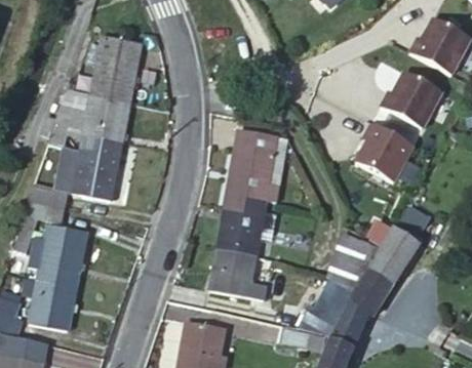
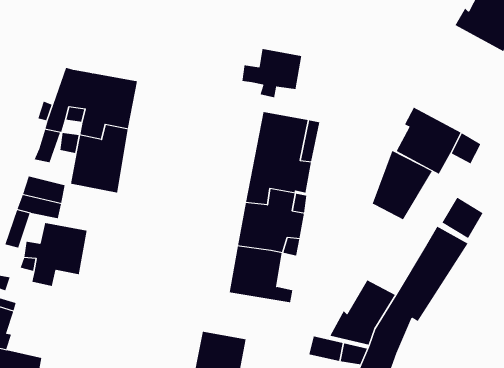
building: [89,37,140,101] -> none
building: none -> [242,48,302,98]
building: [381,73,442,129] -> none
building: [328,228,382,289] -> [372,150,433,220]
building: [27,268,78,331] -> none

